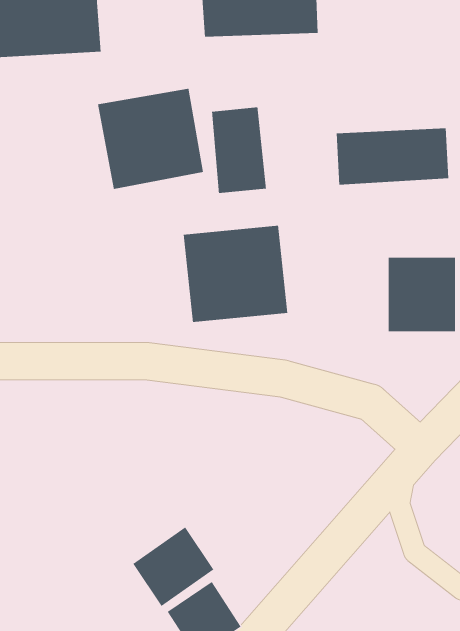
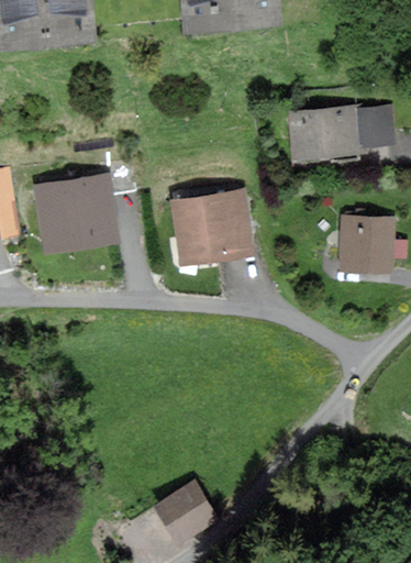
building: [97,88,204,189] -> [33,172,121,255]
building: [212,107,266,194] -> none
building: [132,527,214,607] -> none

